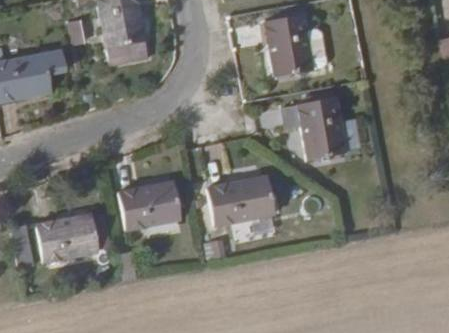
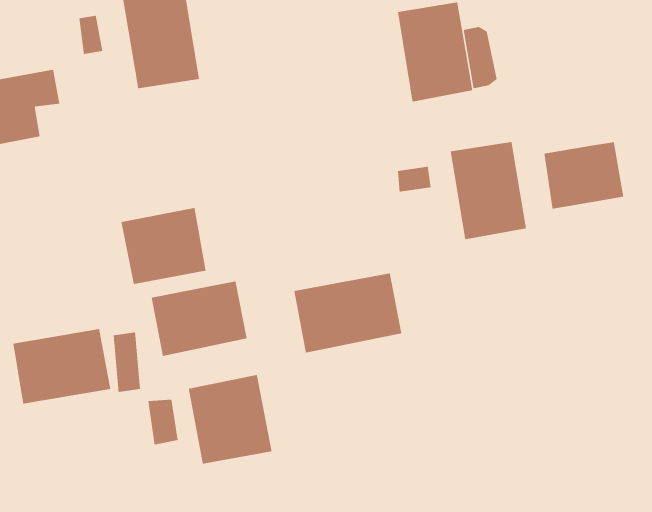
building: none -> [544,142,624,209]
building: none -> [121,207,206,285]
building: none -> [188,374,272,464]

